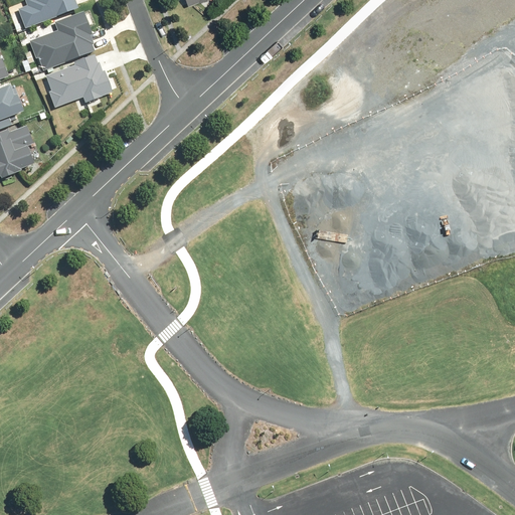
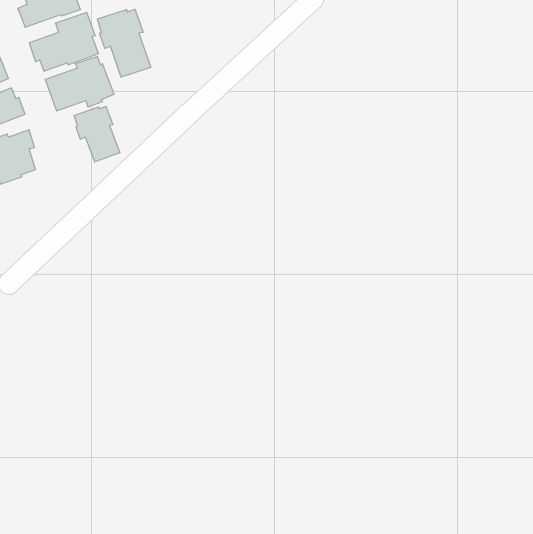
building: none -> [98,9,151,77]
building: none -> [74,106,120,162]

